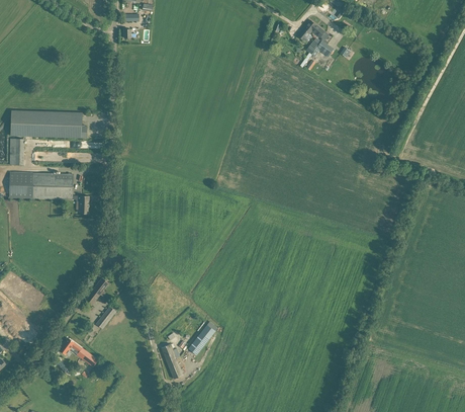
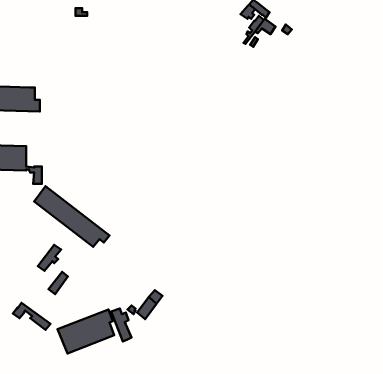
building: none -> [34,186,110,247]
building: none -> [58,309,114,354]

